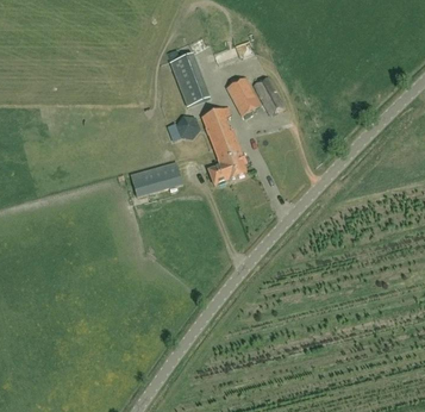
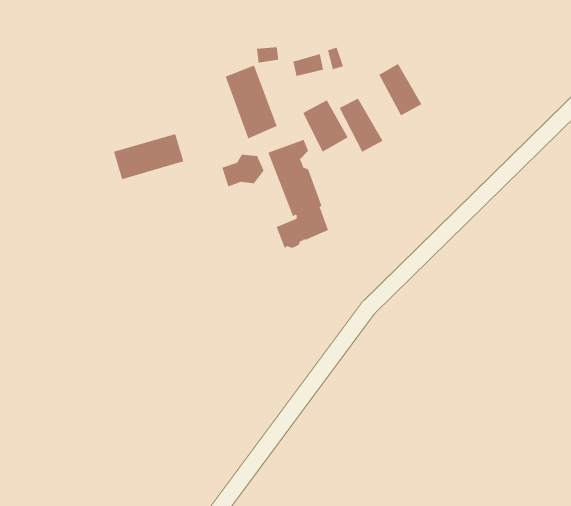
building: none -> [379,63,422,116]
building: [131,162,182,195] -> [113,133,184,180]

